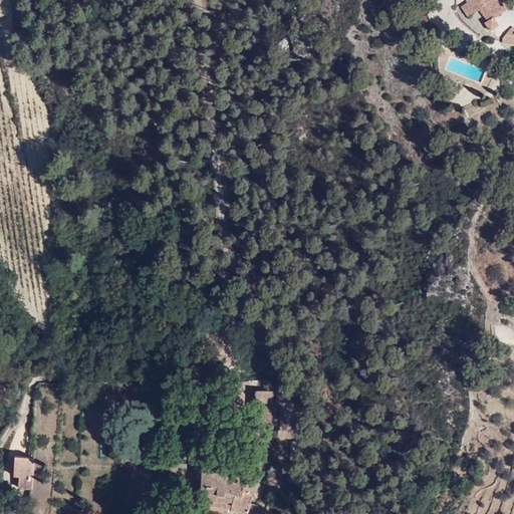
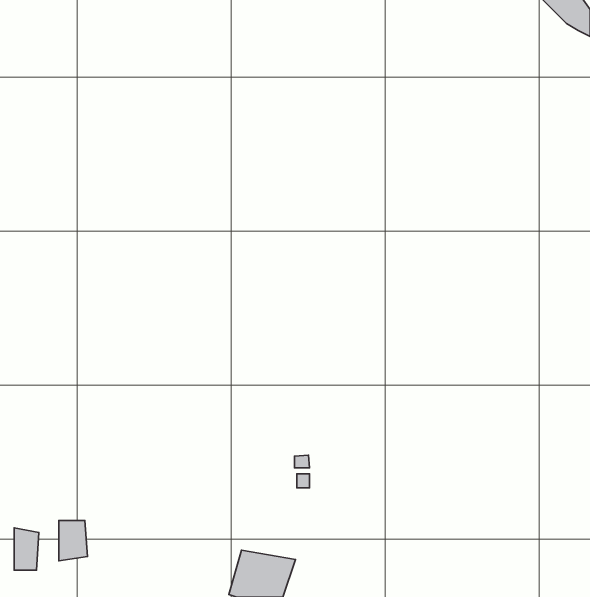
building: none -> [59,520,88,561]

